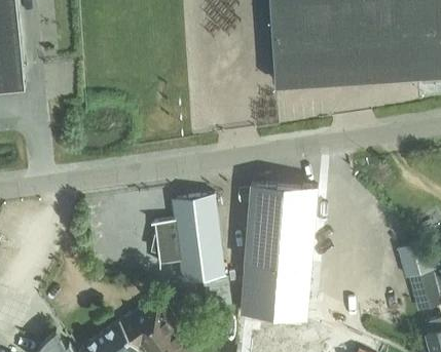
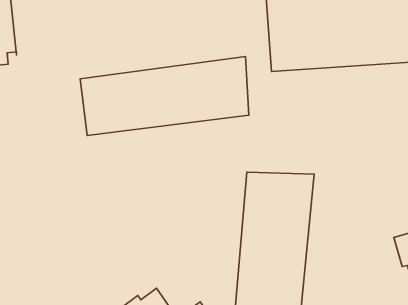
building: none -> [80,56,249,135]
building: [154,194,230,308] -> none

